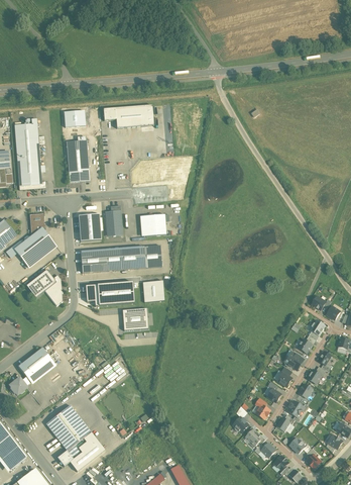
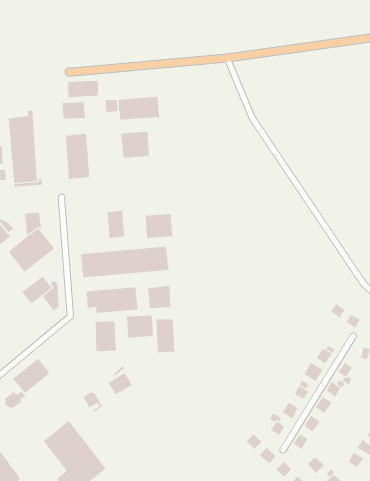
building: none -> [68,80,98,98]
building: none -> [120,131,150,158]
building: [78,213,101,241] -> none
building: none -> [156,319,175,354]
building: none -> [95,320,117,352]

